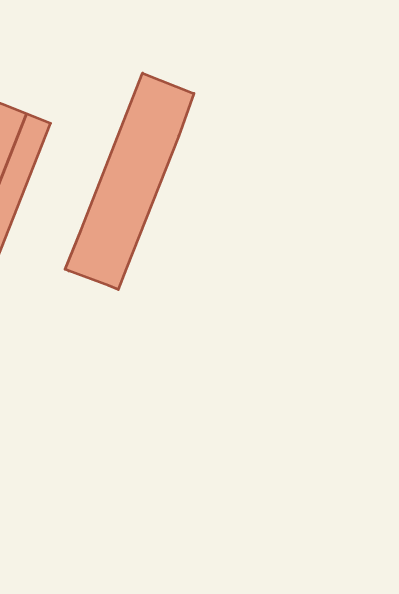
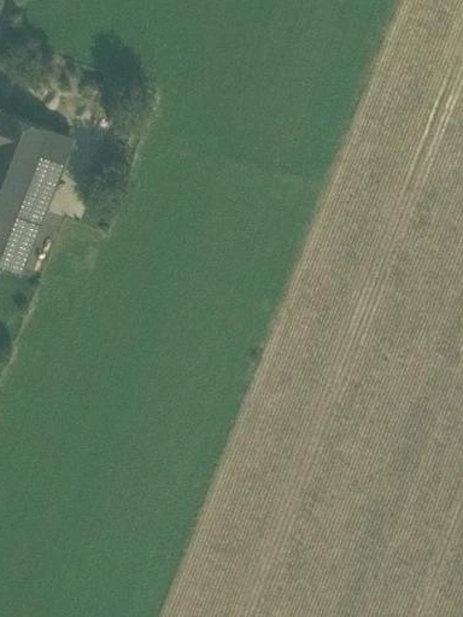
building: [65,73,194,290] -> none

